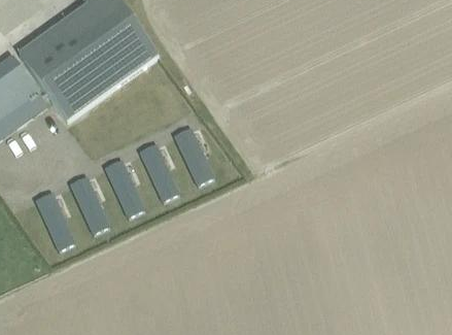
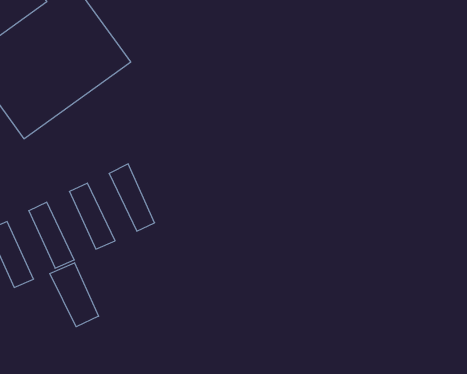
building: [174,127,213,183] -> none
building: none -> [50,263,99,327]

